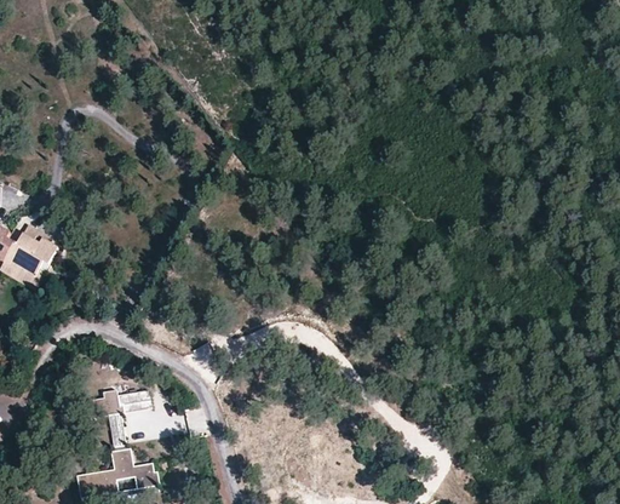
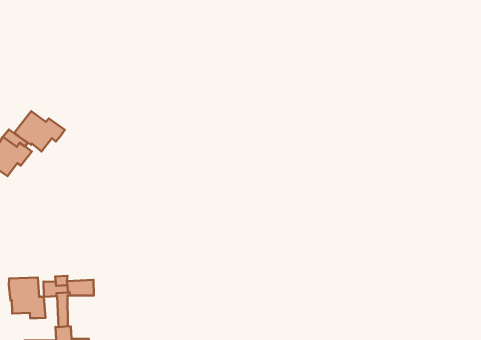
building: none -> [15,111,65,152]
building: none -> [9,277,46,318]

